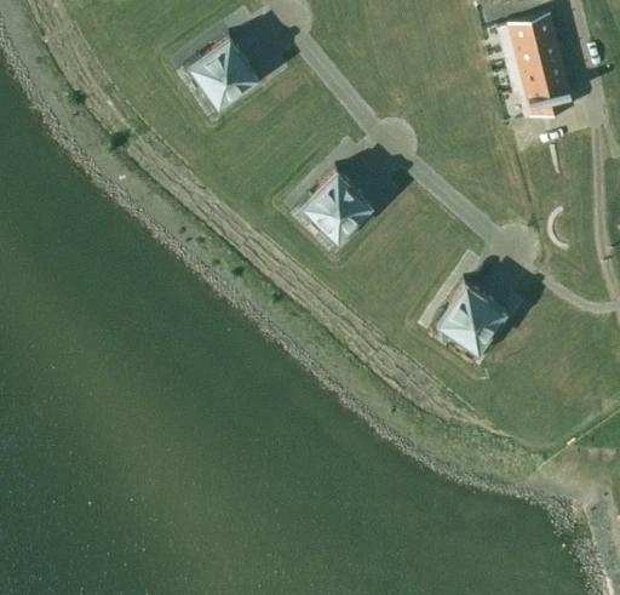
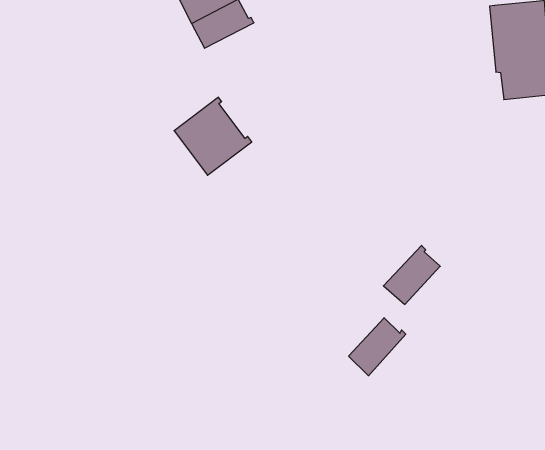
building: [298,166,378,246] -> [174,97,252,175]
building: [457,297,511,357] -> [349,318,406,376]

